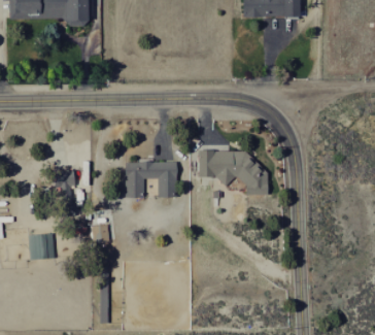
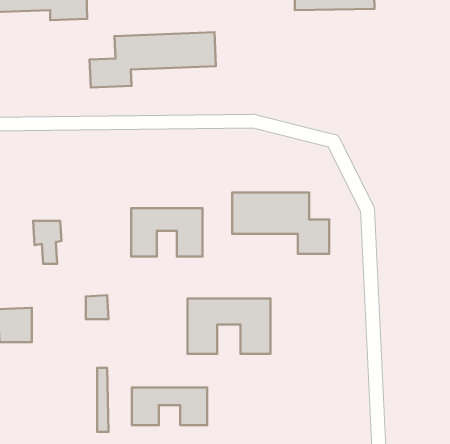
building: none -> [90,32,216,88]
building: none -> [187,299,270,354]
building: none -> [132,387,207,425]

